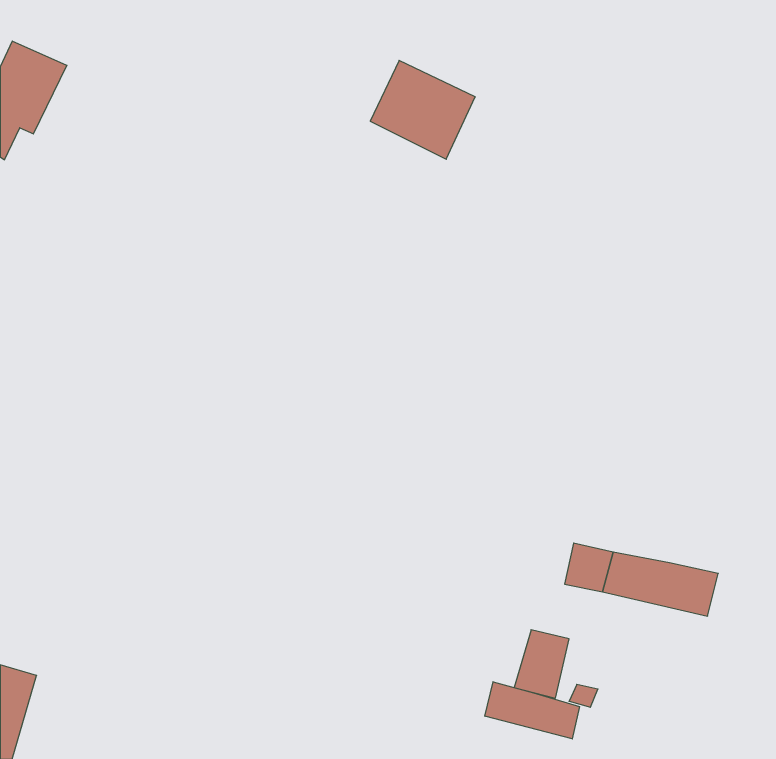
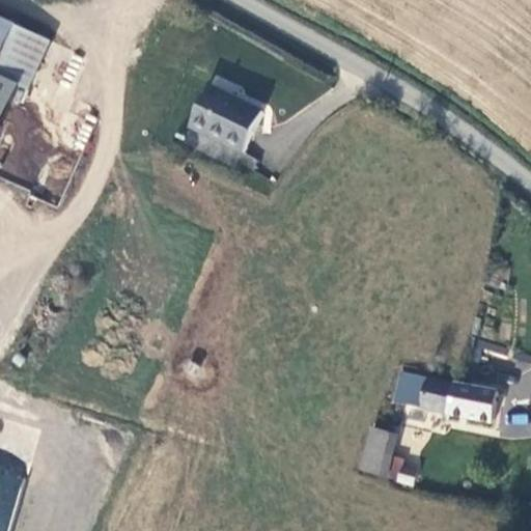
building: [370,60,475,159] -> [187,88,258,156]
building: [485,682,579,739] -> none

